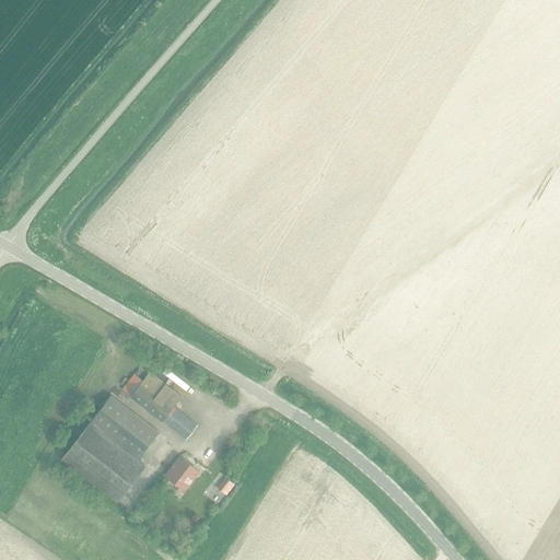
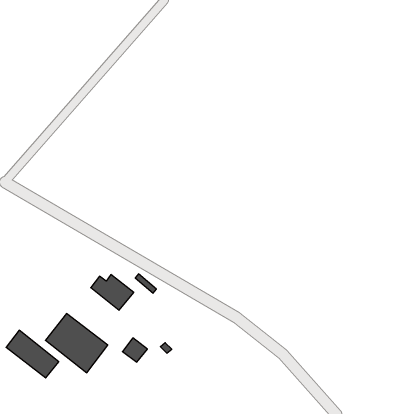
building: [94,396,165,460] -> [6,330,59,378]
building: [164,407,197,439] -> none

